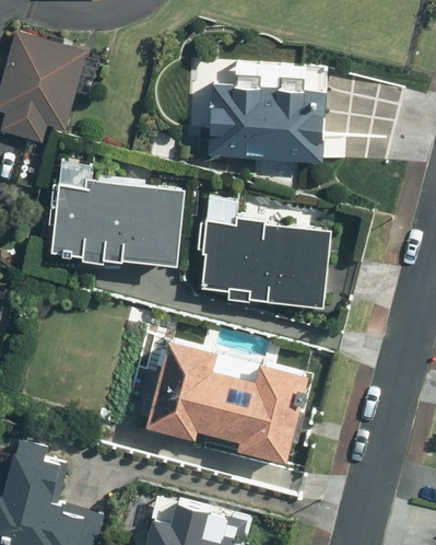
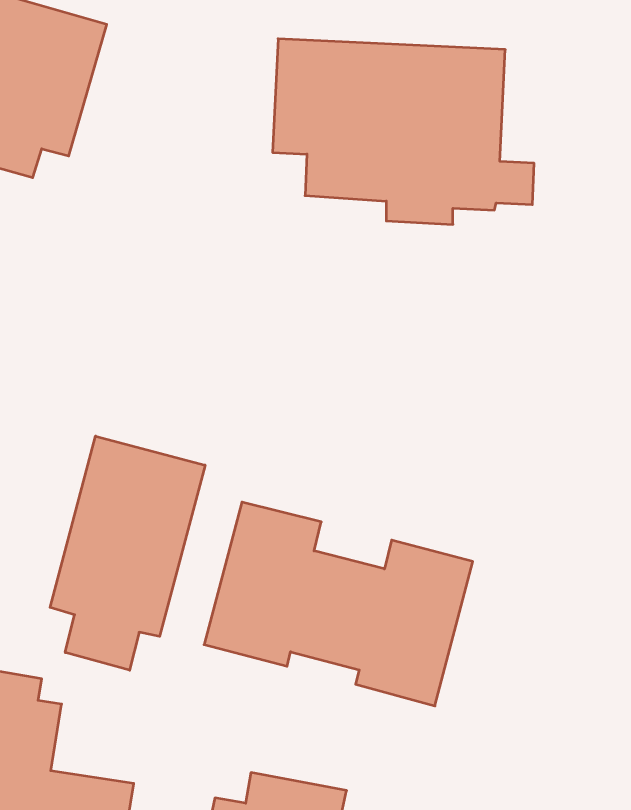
building: [49,178,187,266] -> none
building: [198,216,332,308] -> none
building: none -> [50,436,205,670]

